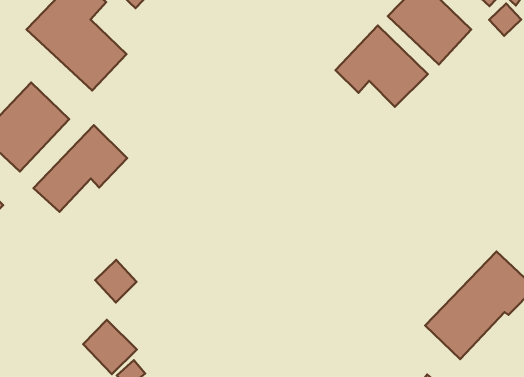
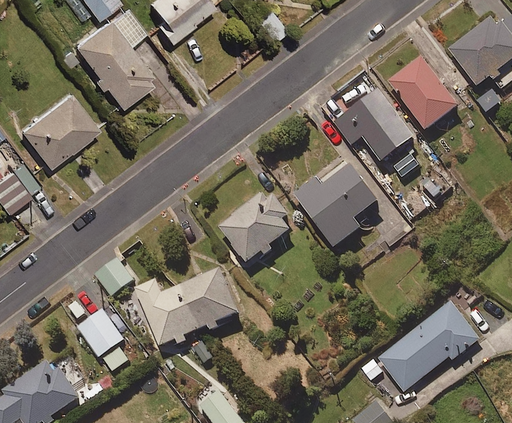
building: none -> [294,155,379,247]
building: [33,125,127,212] -> none
building: none -> [218,193,290,263]
building: none -> [135,268,239,346]

